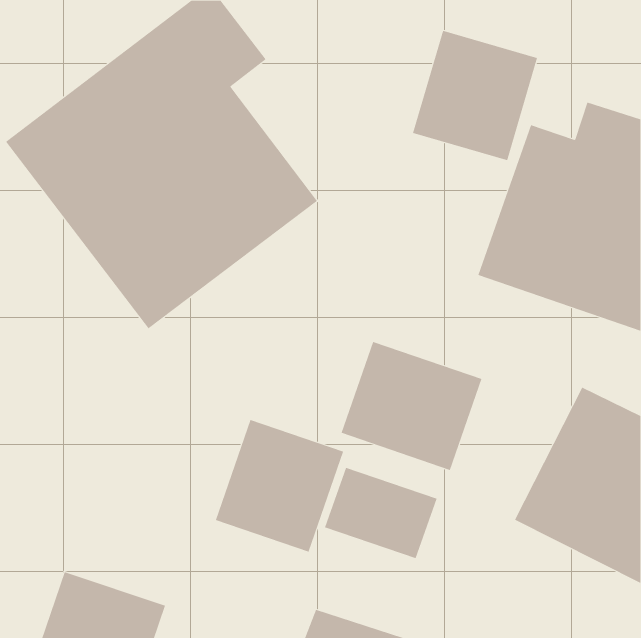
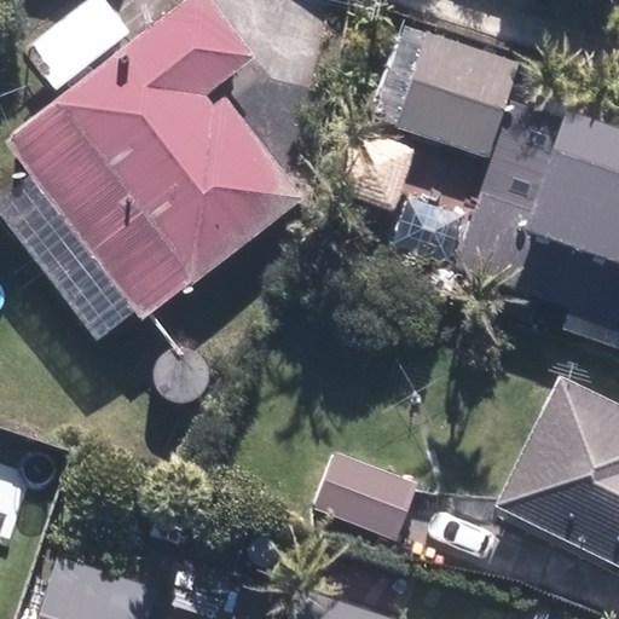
building: [341,341,482,471] -> none
building: [215,419,344,553] -> none

